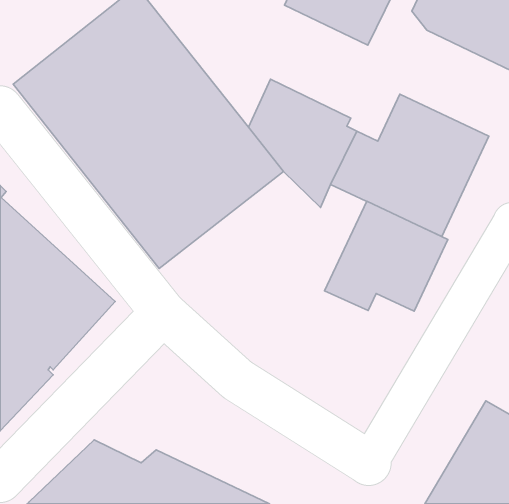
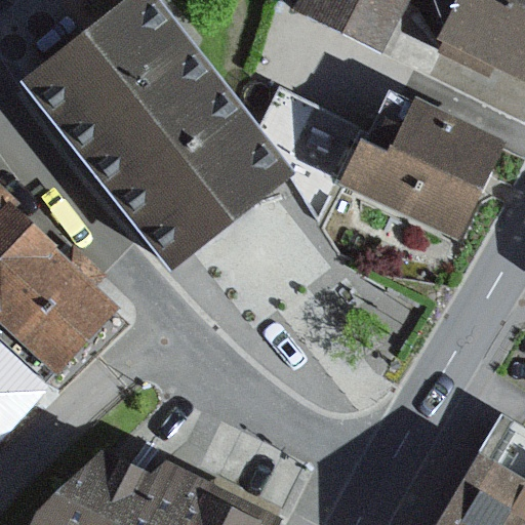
building: [325,201,448,311] -> none

